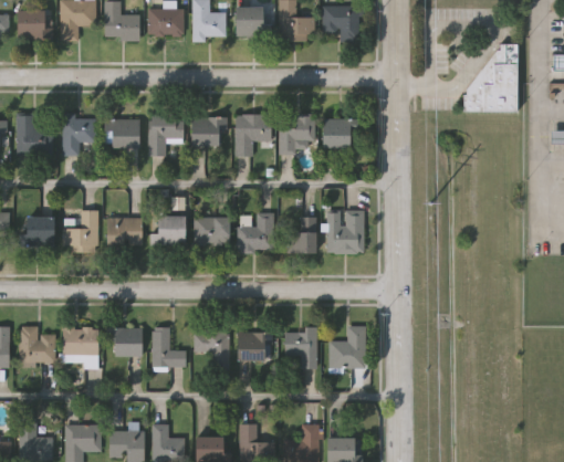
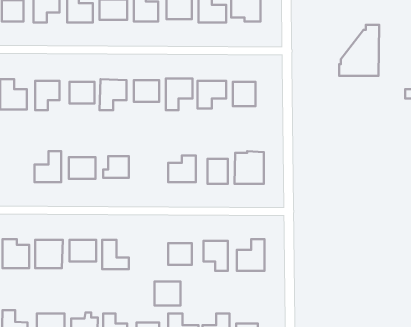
building: [28,217,55,246] -> none
building: [192,217,230,244] -> none
building: [194,328,228,360] -> [154,281,180,306]

